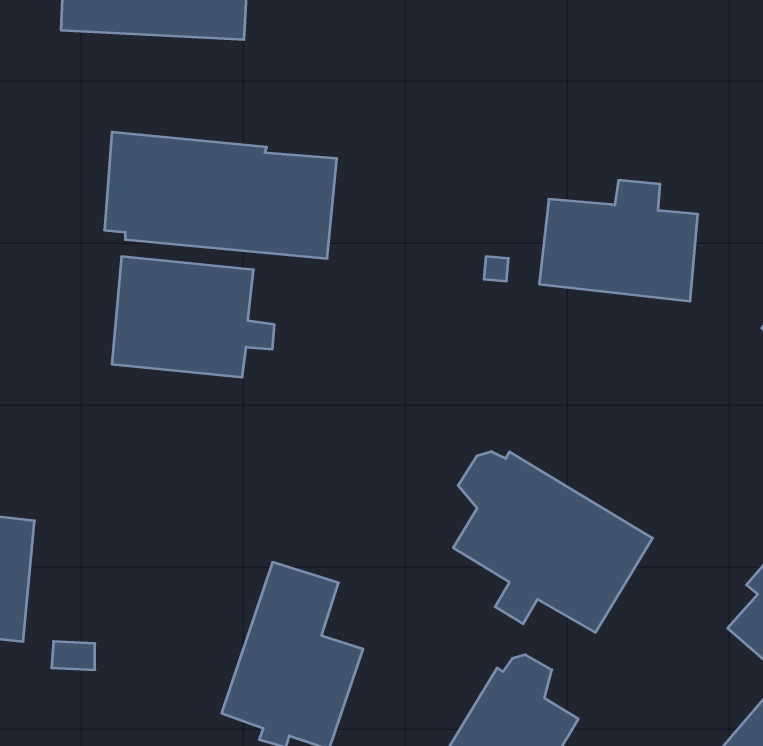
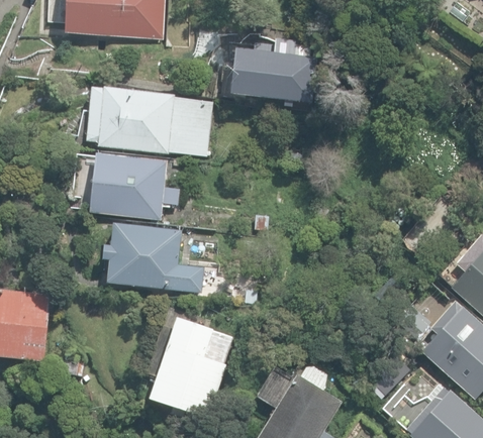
building: [539,180,698,301] -> [230,37,315,102]
building: none -> [102,224,203,293]
building: [453,451,653,632] -> none

